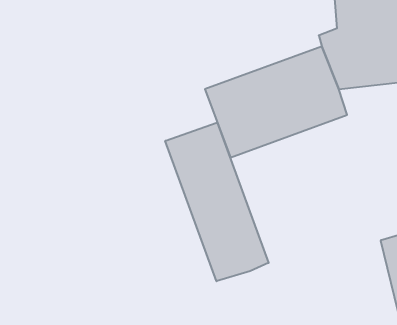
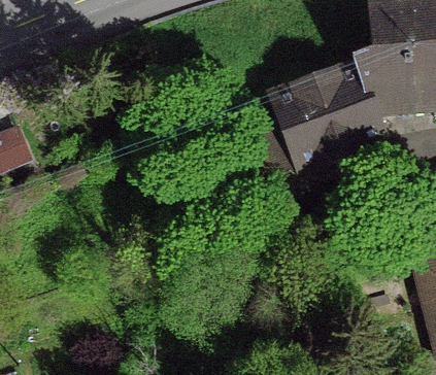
building: [165,122,269,281] -> none

